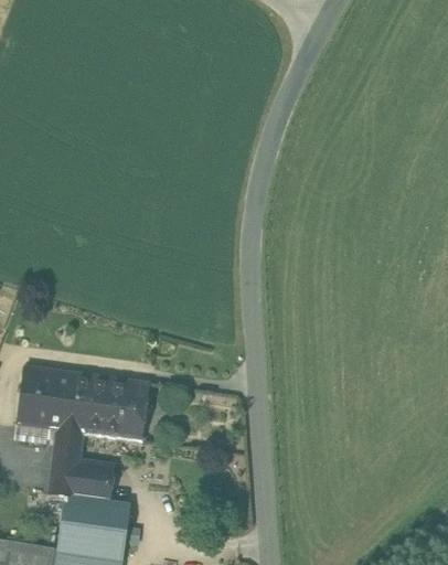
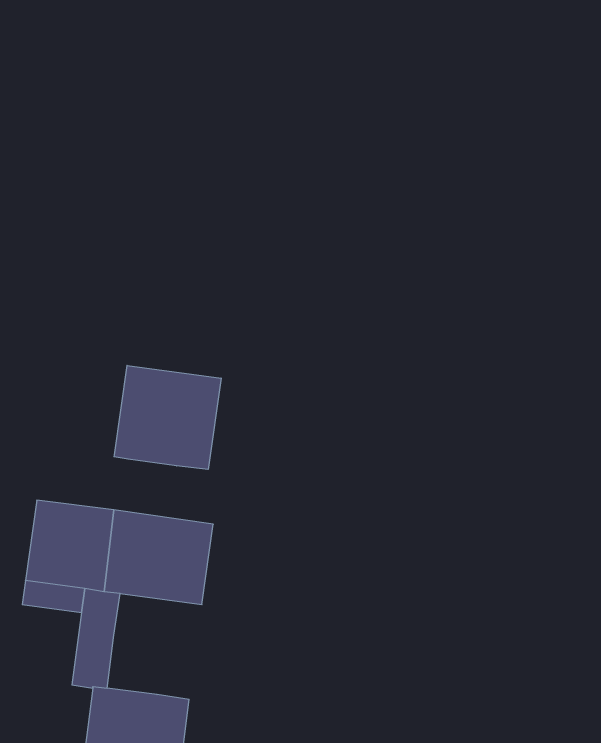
building: none -> [114,365,221,469]
building: [74,461,114,502] -> none

